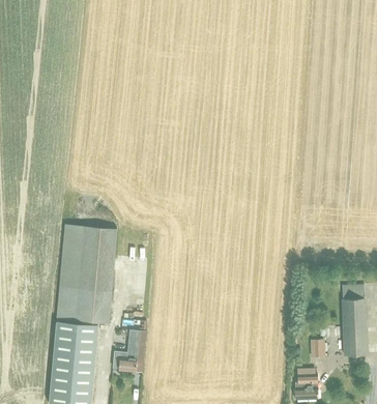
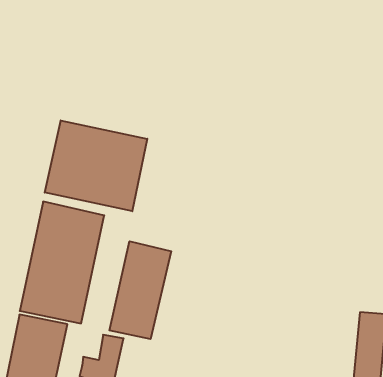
building: none -> [45,120,147,211]
building: none -> [109,241,171,339]

